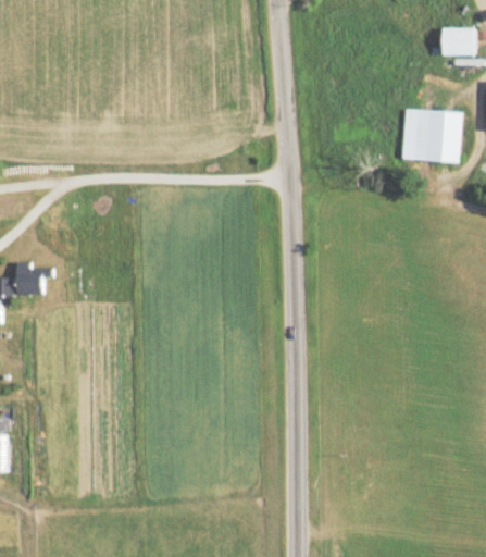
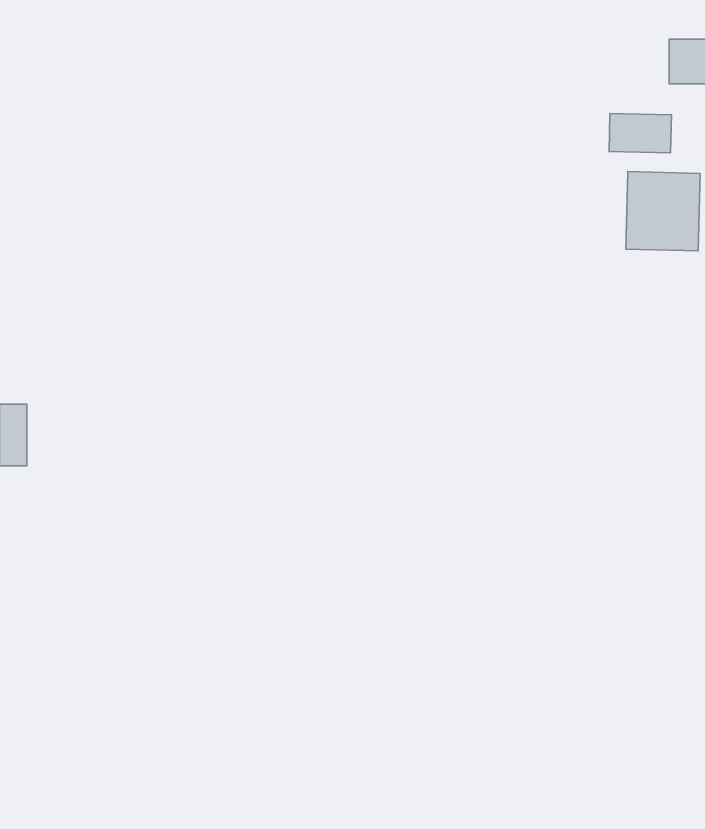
building: none -> [609,114,672,153]

